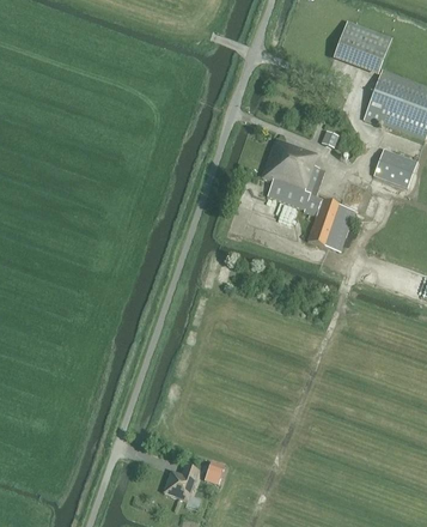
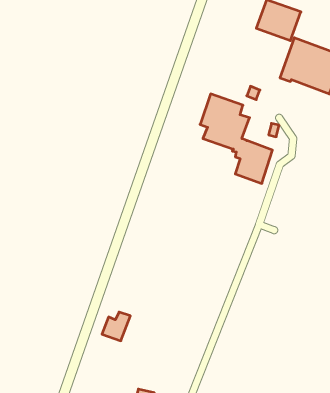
building: [372,149,416,188] -> none
building: [163,466,199,502] -> [102,312,130,341]

